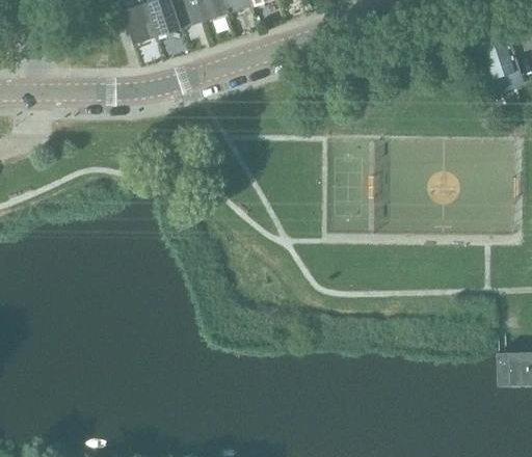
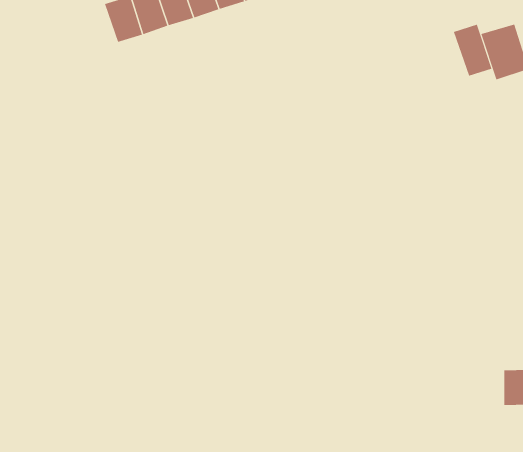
building: none -> [453,24,492,76]

